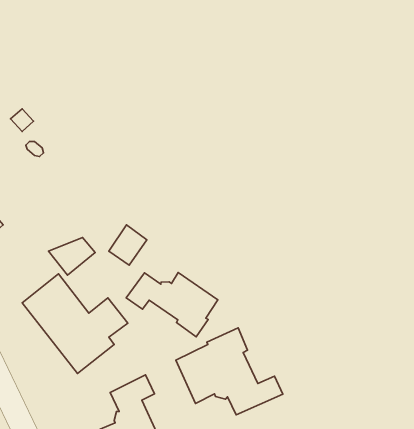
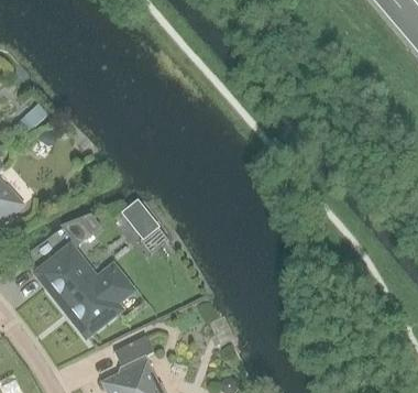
building: [126,273,218,337] -> none
building: [176,328,283,415] -> none

